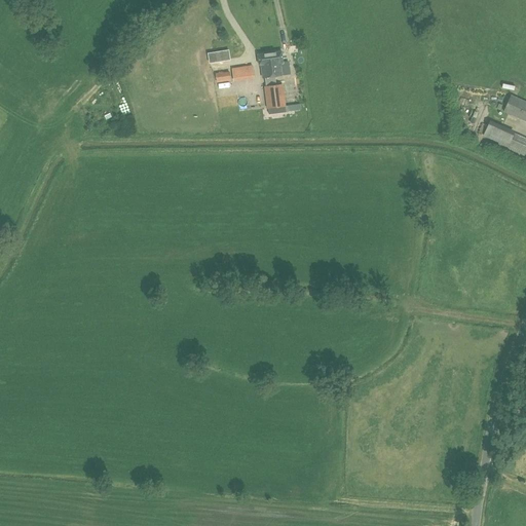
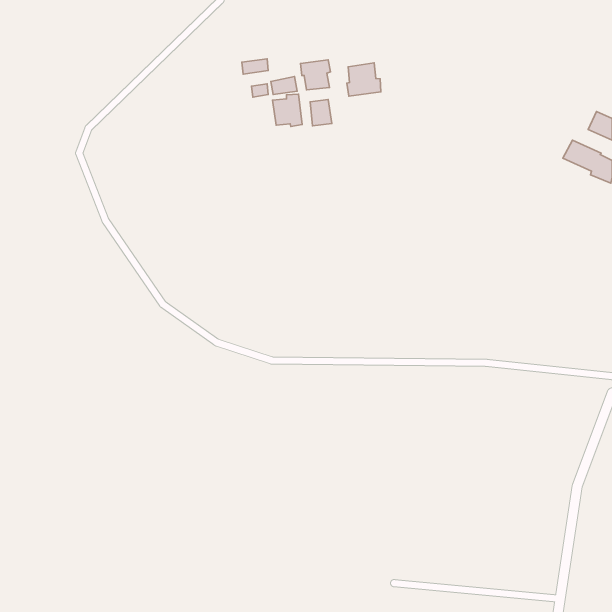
building: none -> [347,63,381,96]
building: none -> [272,94,302,126]

